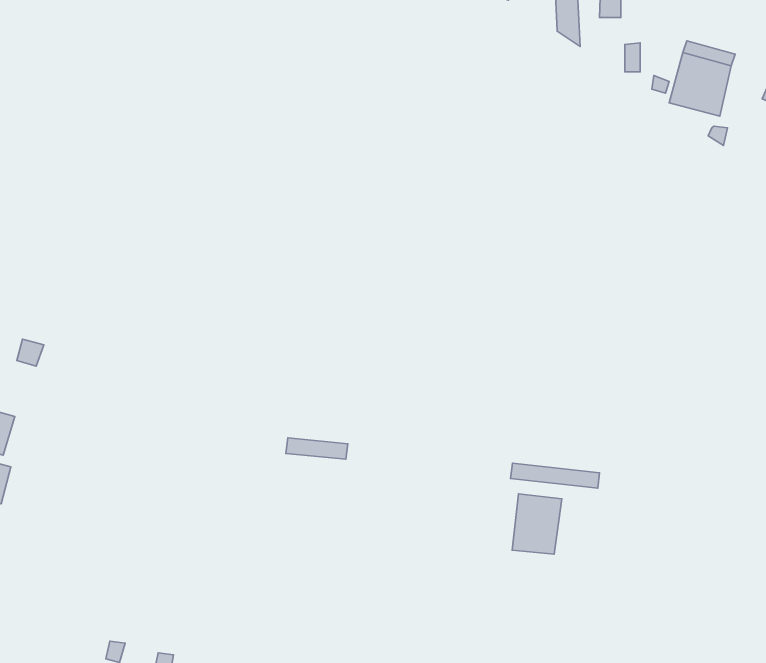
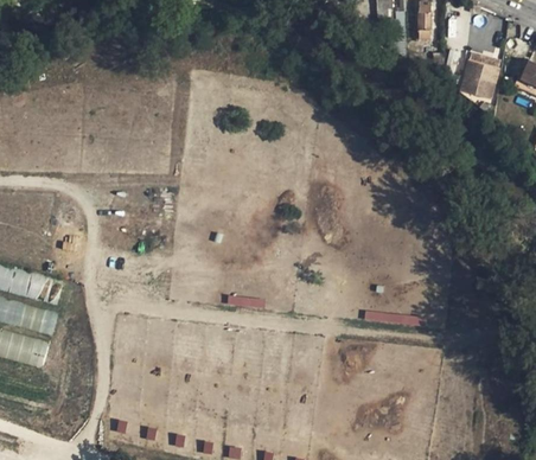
building: [512,494,562,554] -> none

